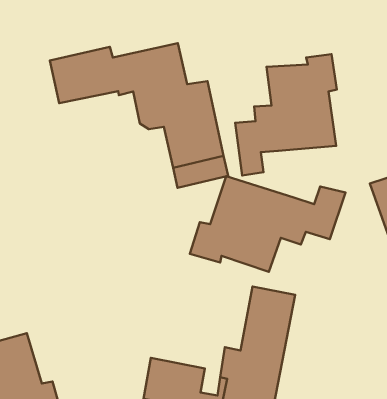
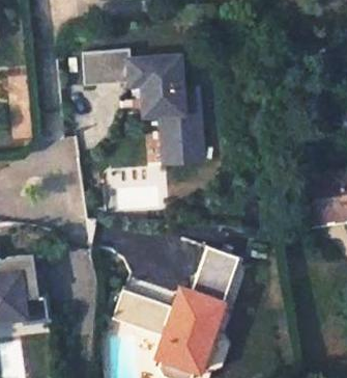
building: [235,54,337,176] -> none
building: [190,176,346,272] -> none

